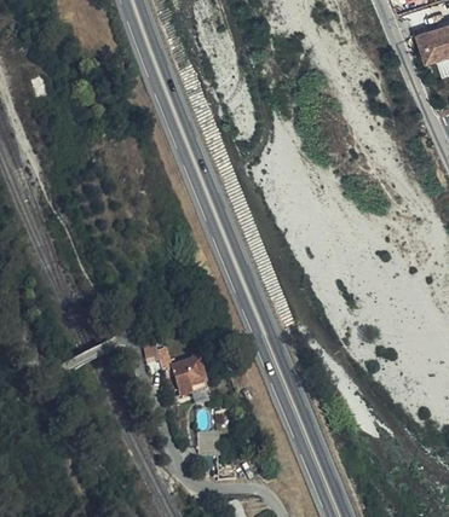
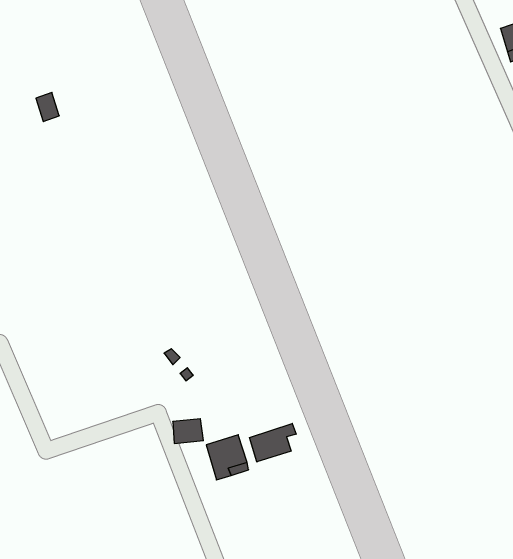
building: none -> [249,423,296,462]

